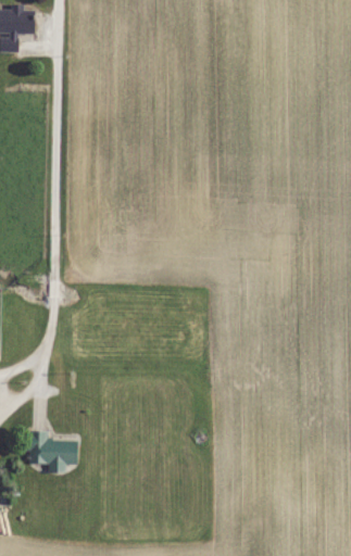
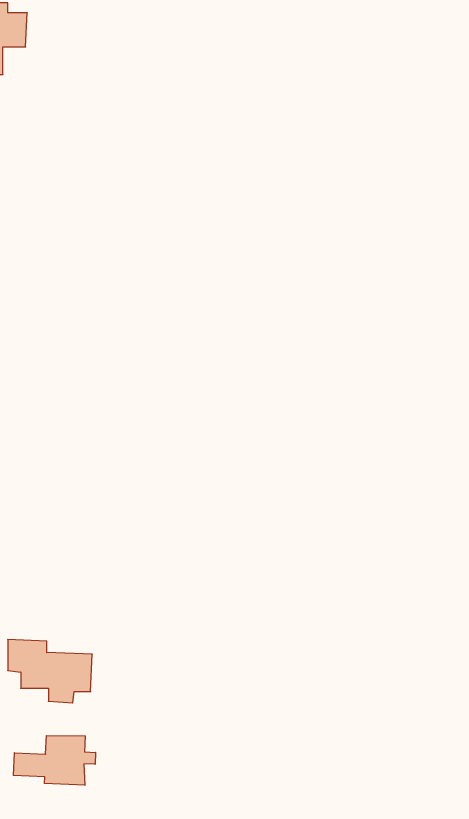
building: none -> [13,736,96,785]

